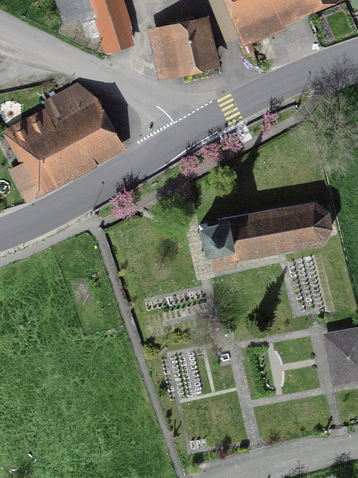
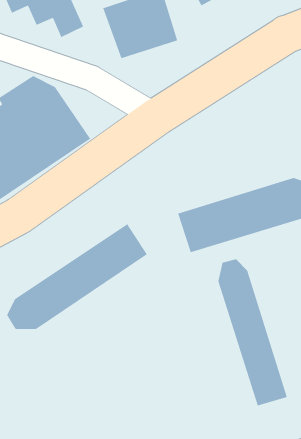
building: none -> [6,223,148,330]
building: none -> [217,258,288,406]

